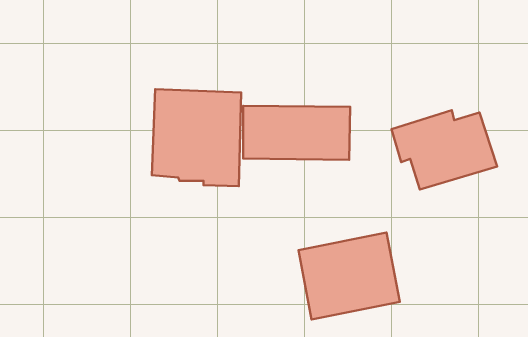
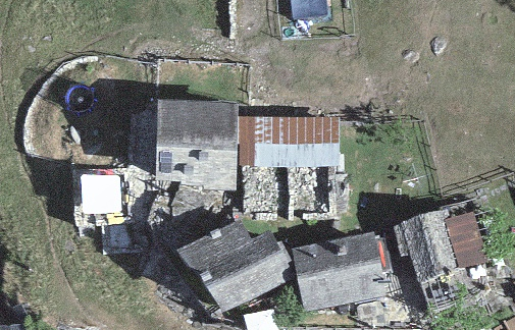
building: [391,110,497,190] -> [392,208,490,281]
building: none -> [177,217,294,313]

